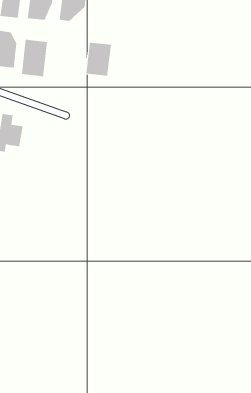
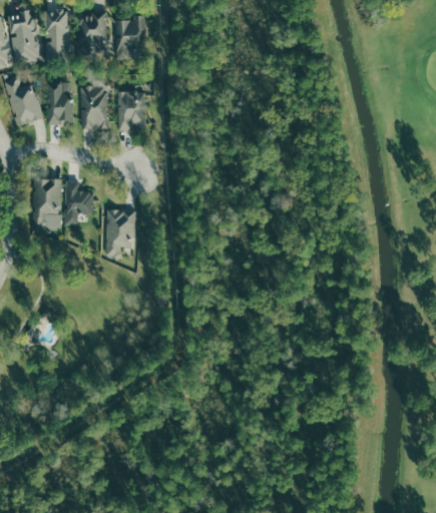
building: [85,42,112,76] -> [118,92,146,131]
building: none -> [105,209,135,258]

